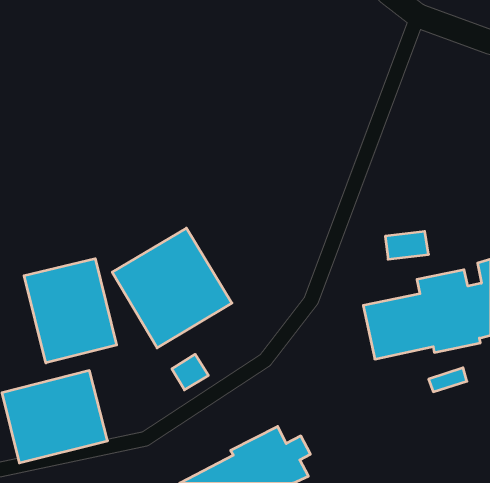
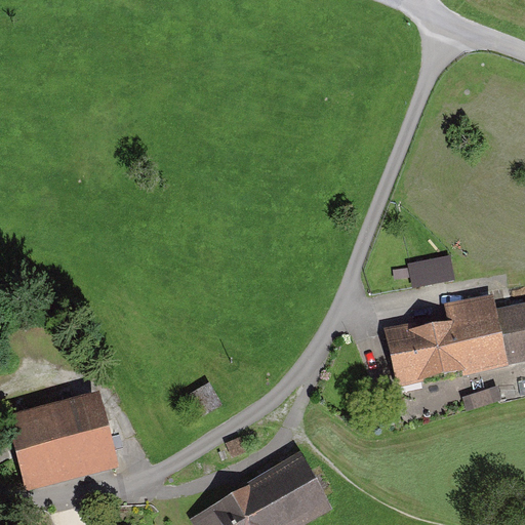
building: [112,228,232,348] -> none
building: [24,259,117,363] -> none

